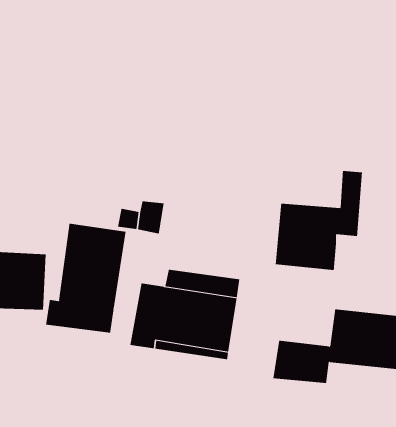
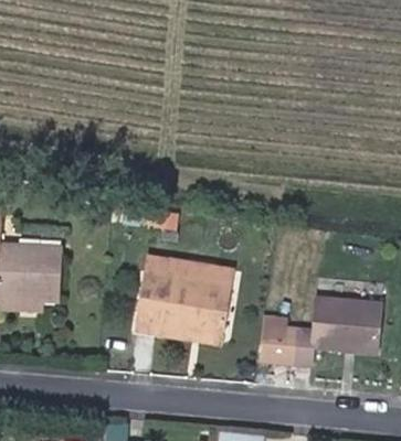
building: [275,170,362,271] -> none
building: [45,223,126,334] -> none

